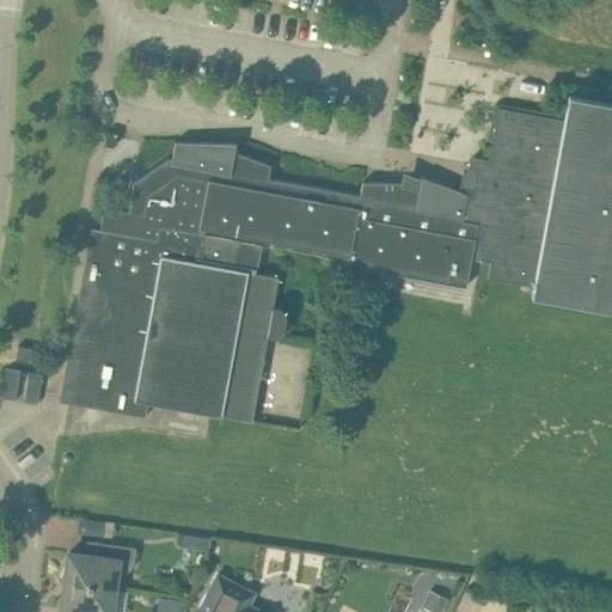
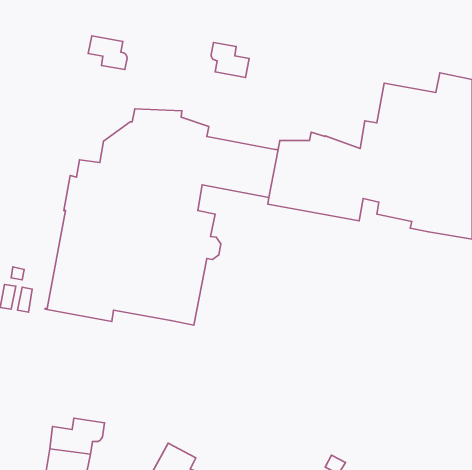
building: none -> [88,36,127,69]
building: none -> [211,42,249,78]

